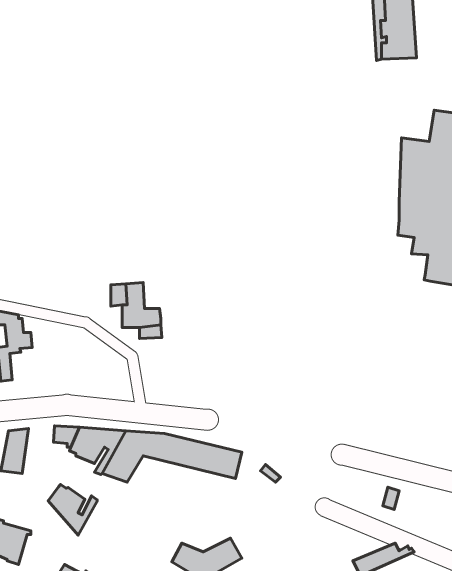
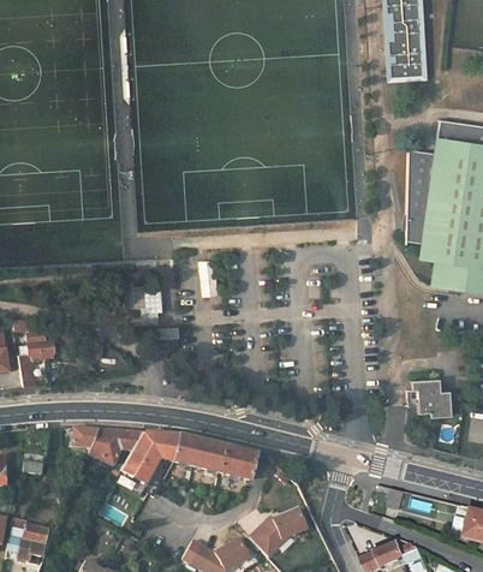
building: none -> [406,376,452,413]
building: [48,484,97,535] -> none
building: none -> [249,508,306,556]

